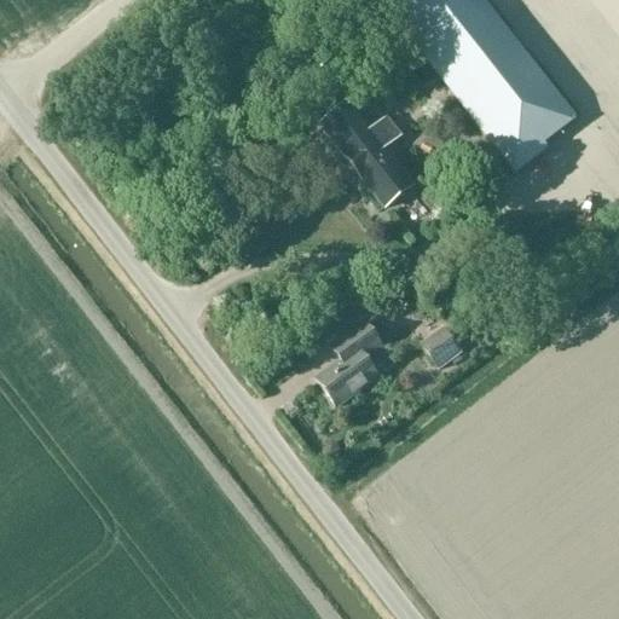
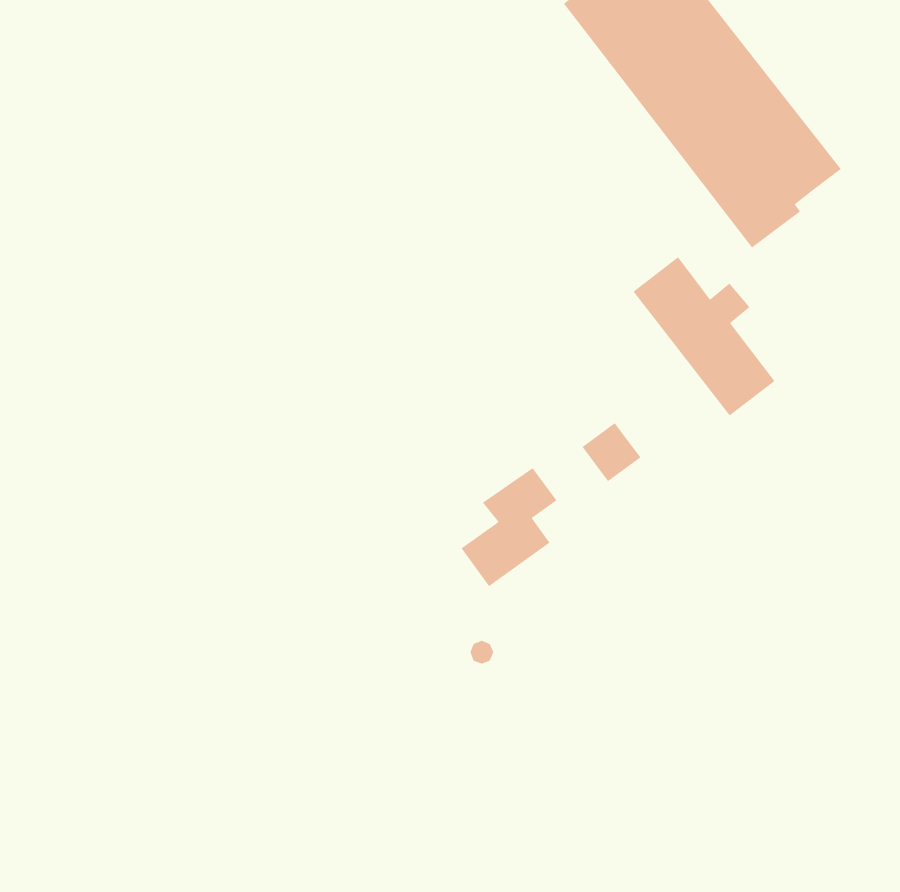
building: [319,98,417,208] -> [632,256,775,417]
building: [422,325,463,366] -> [581,422,641,482]

